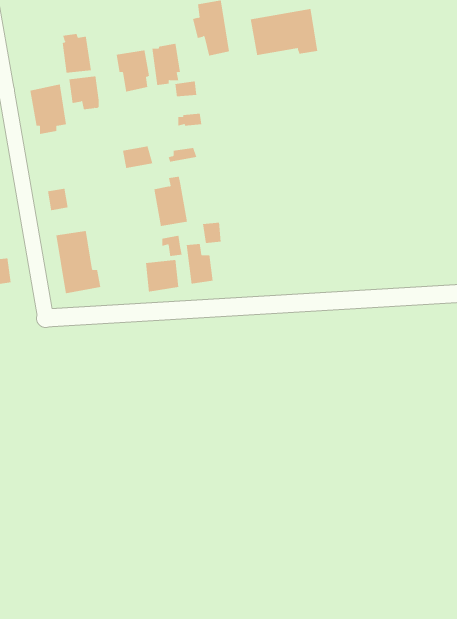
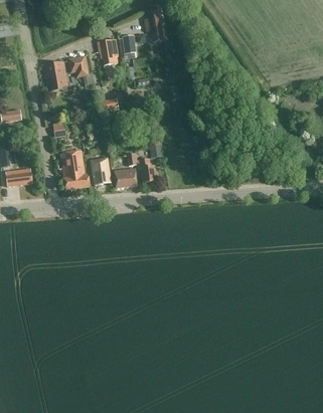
building: [250,8,318,56] -> none
building: [62,33,91,74] -> none
building: [154,176,188,227] -> [90,153,111,184]

